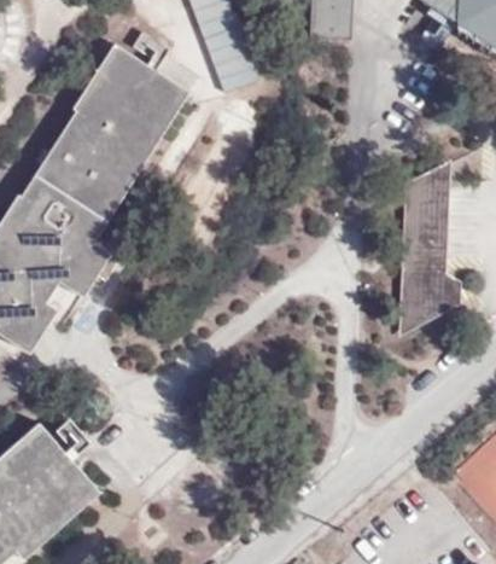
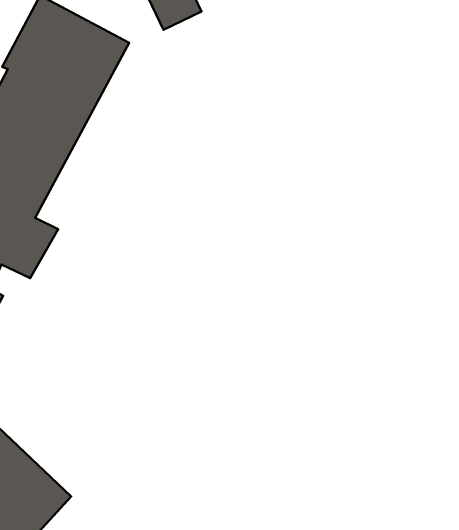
building: [403,165,456,331] -> none

